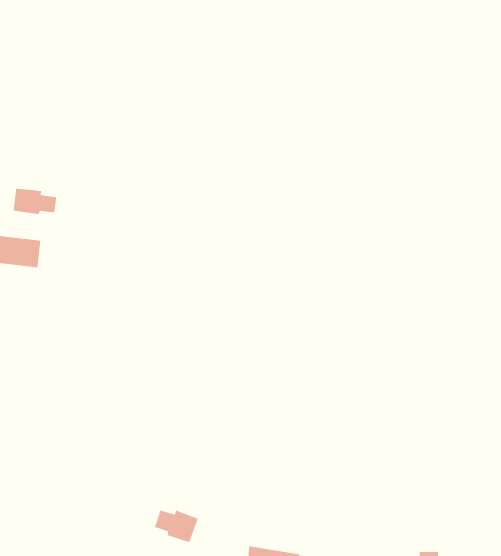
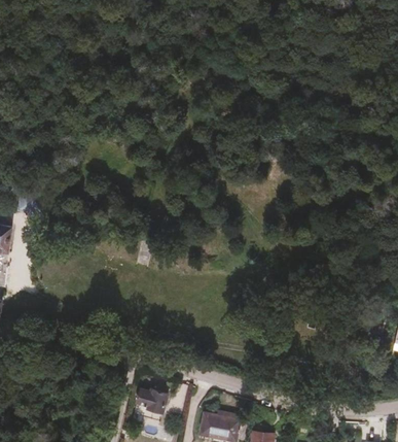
building: [13,188,57,215] -> none

